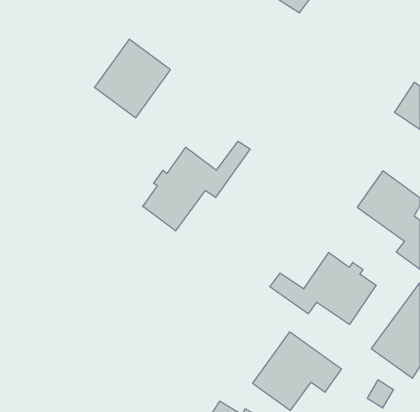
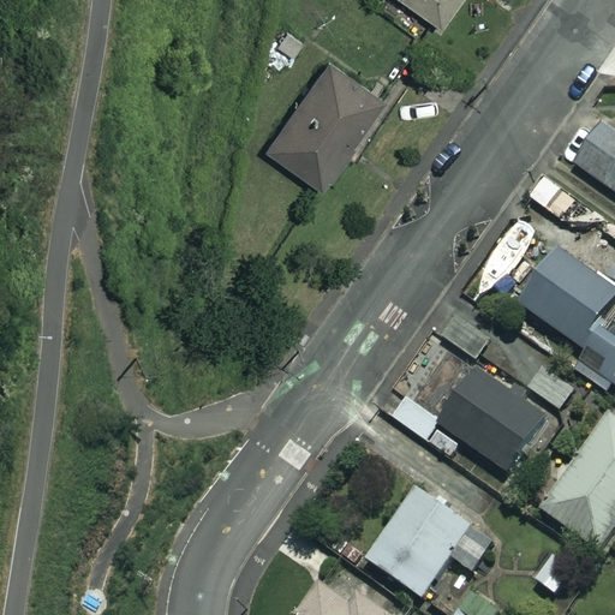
building: [94,39,170,118] -> [258,70,369,184]
building: [143,141,250,231] -> none

